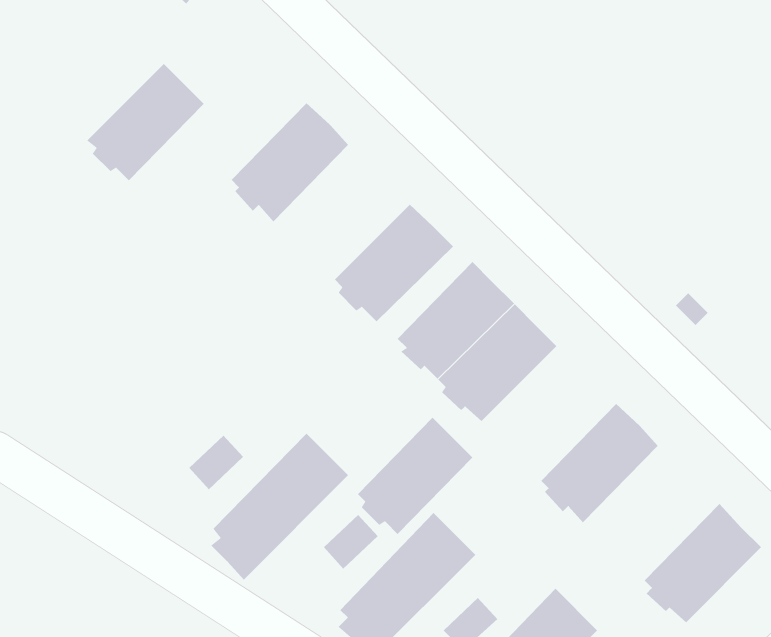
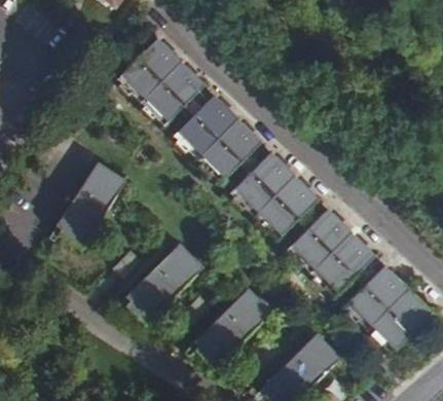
building: [86,63,204,181] -> [112,38,178,104]
building: none -> [171,94,235,159]
building: none -> [58,163,128,250]
building: [357,417,473,535] -> [286,206,350,271]
building: none -> [342,261,408,327]

